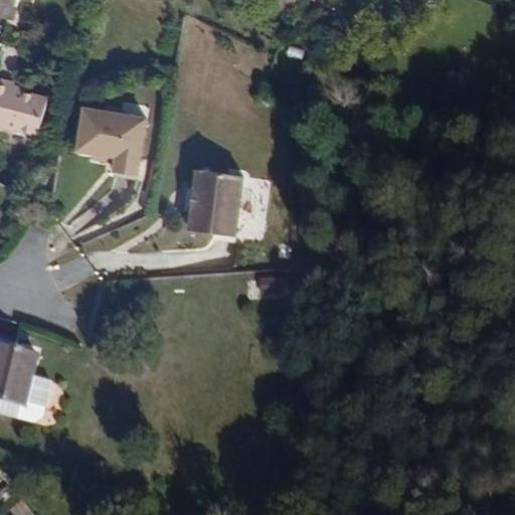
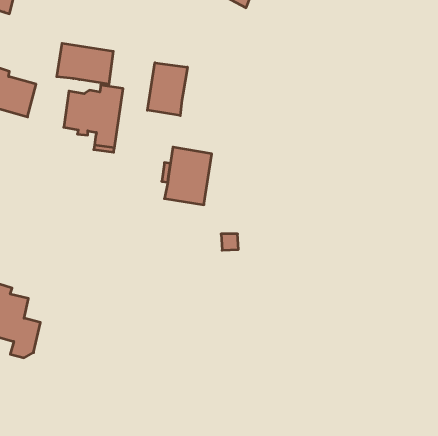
building: none -> [57,43,113,84]
building: none -> [147,63,187,116]

